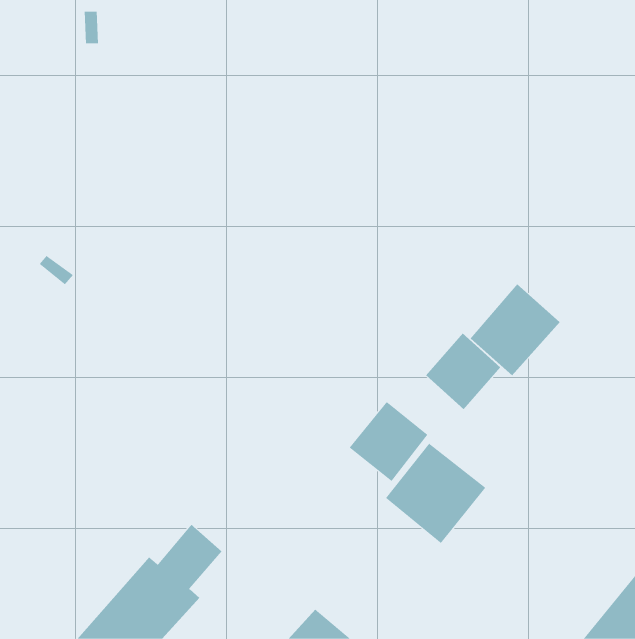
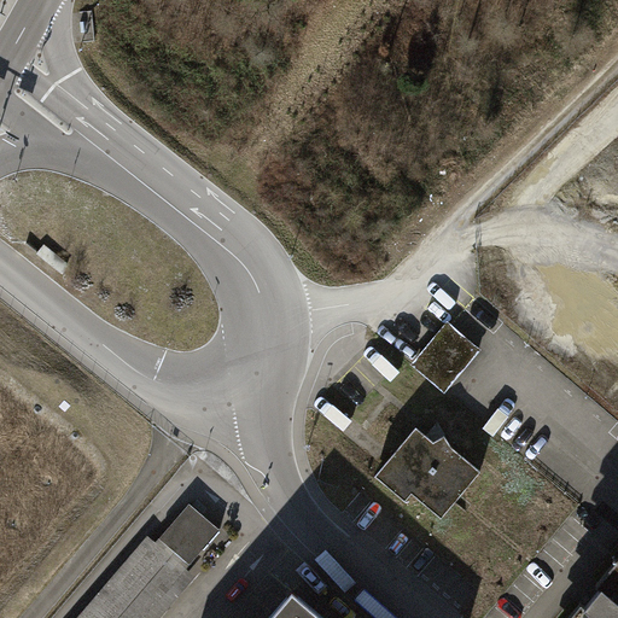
building: [470,284,561,376] -> none
building: [349,401,428,482] -> none

